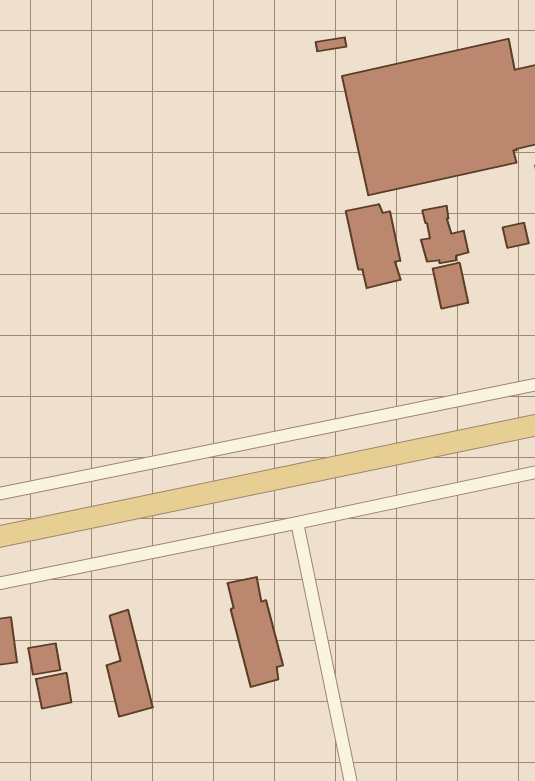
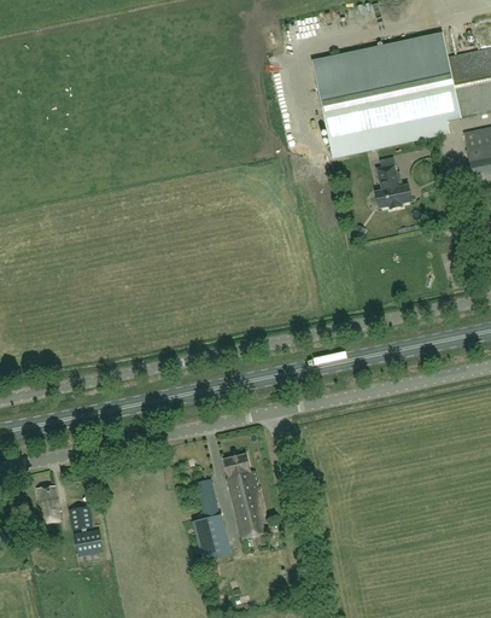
building: [346,204,401,288] -> none
building: [433,263,468,309] -> none
building: [106,610,153,717] -> [193,477,229,560]

